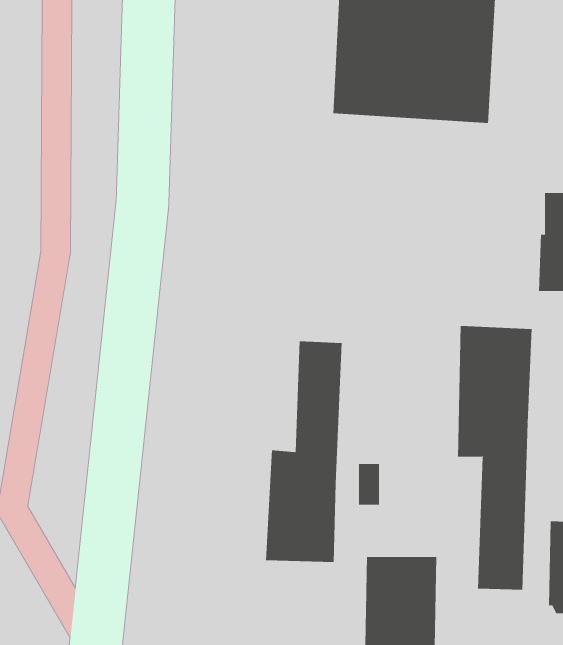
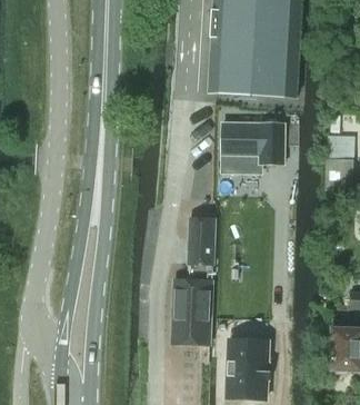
building: none -> [220,122,283,171]
building: [457,325,532,590] -> none

